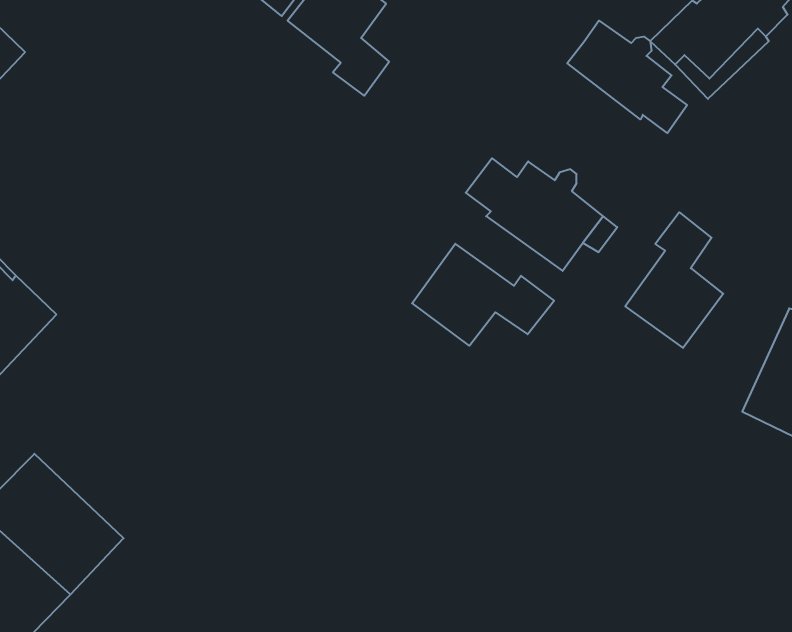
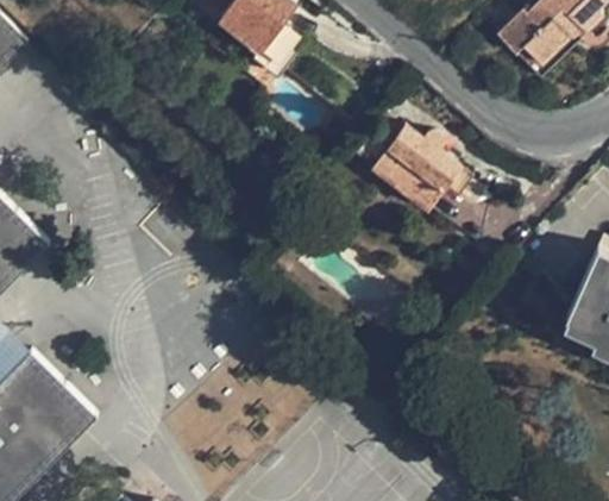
building: [567,21,687,133] -> none
building: [625,212,723,348] -> none
building: [412,244,554,346] -> none

